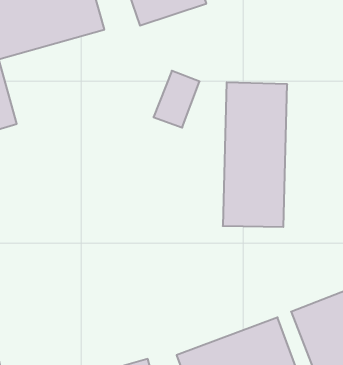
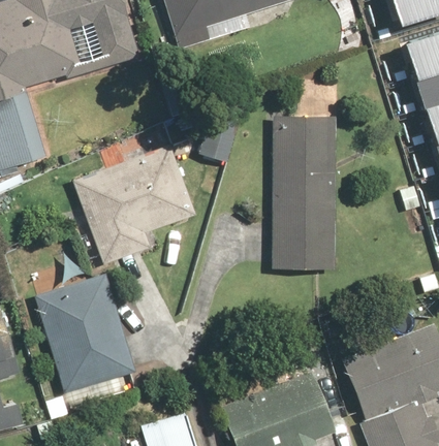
building: none -> [72,142,197,265]
building: none -> [34,274,136,393]

